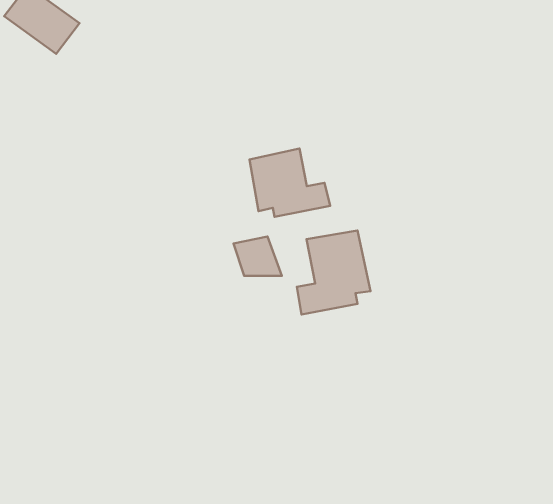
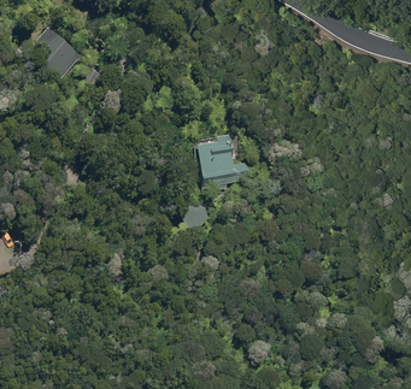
building: [297,231,370,315] -> none

